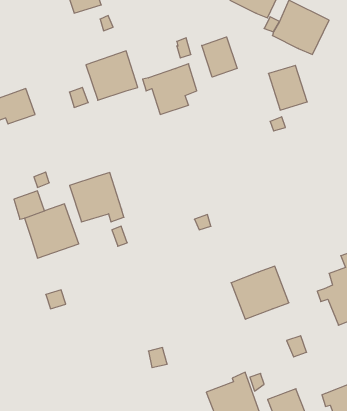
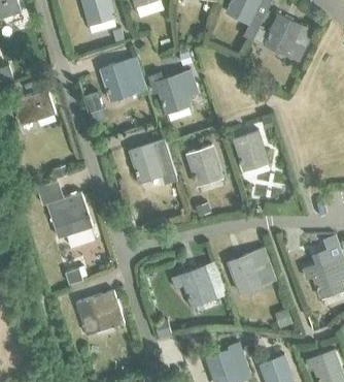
building: [202,37,237,77] -> none
building: [268,65,307,110] -> [233,132,267,171]
building: none -> [186,147,221,187]
building: [70,173,124,222] -> [129,140,176,184]
building: none -> [171,262,226,307]
building: none -> [75,291,124,330]

